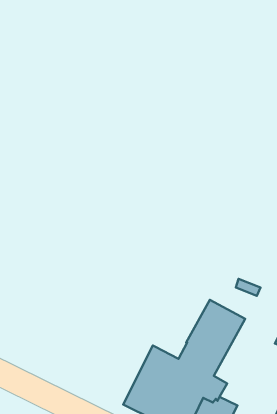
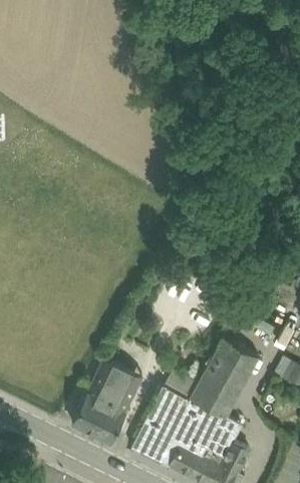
building: none -> [74,355,145,442]

